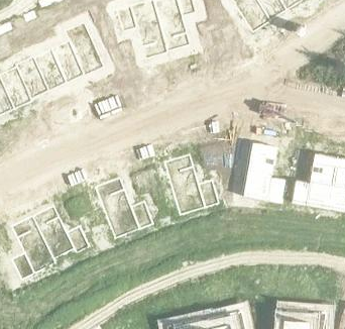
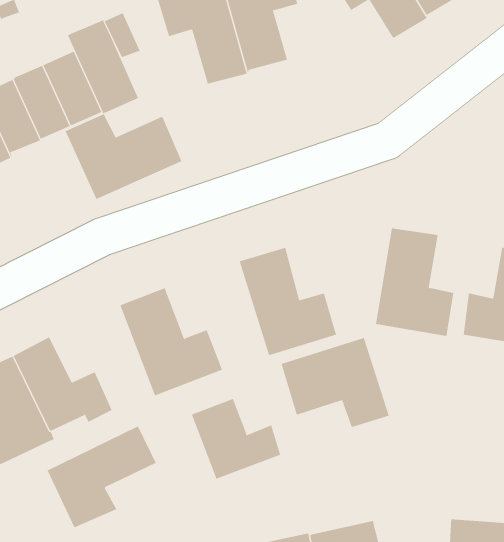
building: none -> [65,113,182,200]
building: none -> [281,337,389,428]
building: none -> [191,398,281,479]
building: none -> [47,425,156,528]

